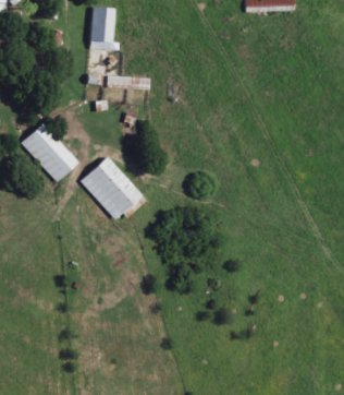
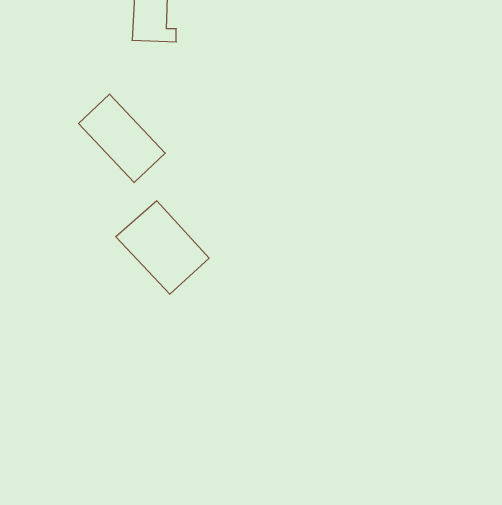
building: [21,123,78,182] -> [79,94,165,183]

